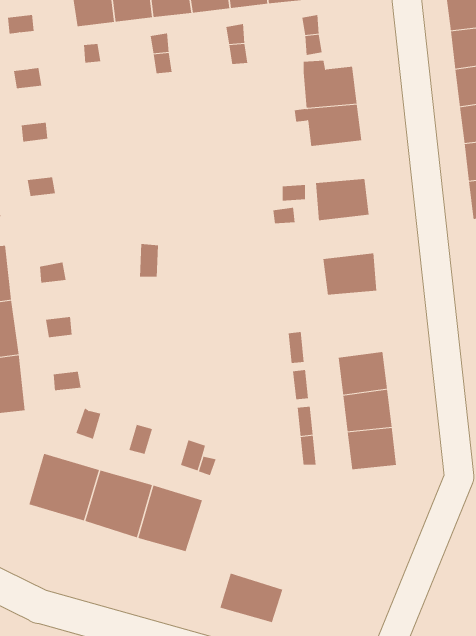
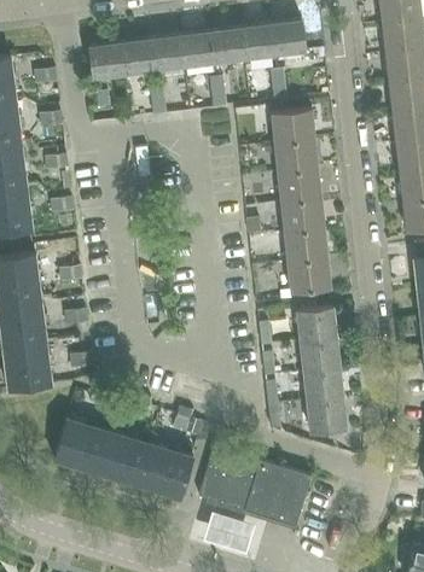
building: none -> [278,170,321,204]
building: none -> [284,229,329,264]
building: none -> [297,309,336,343]
building: none -> [199,446,310,525]

